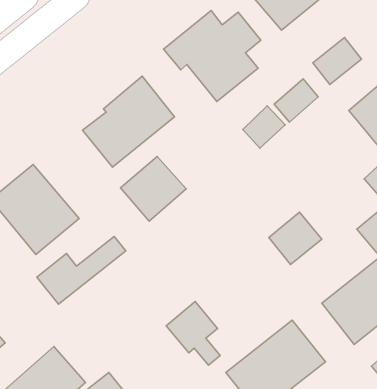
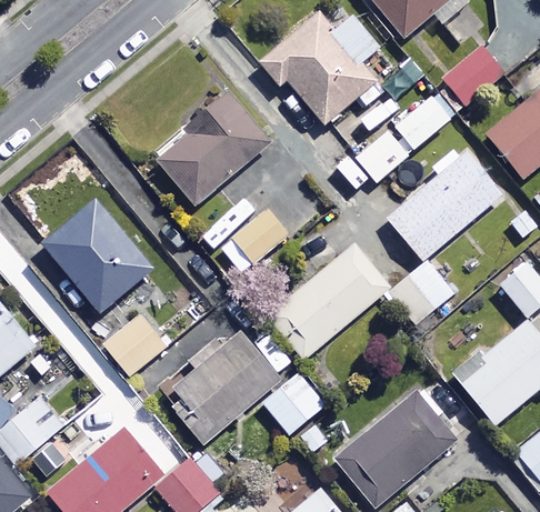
building: none -> [387,144,501,261]
building: none -> [268,245,388,360]
building: none -> [157,332,294,444]

